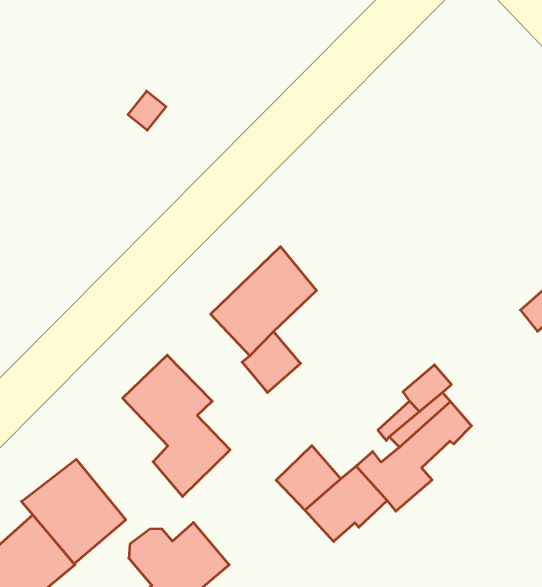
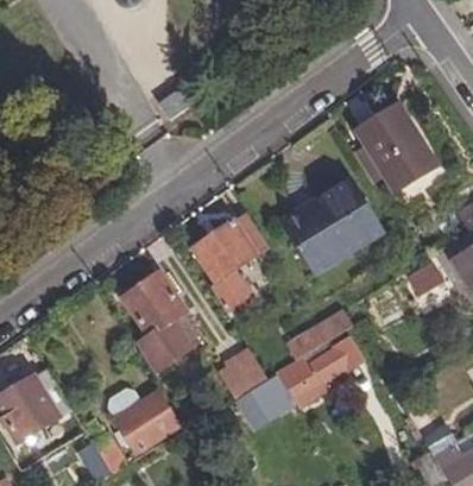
building: none -> [359,107,436,189]
building: none -> [282,177,384,271]
building: [21,459,126,564] -> none

